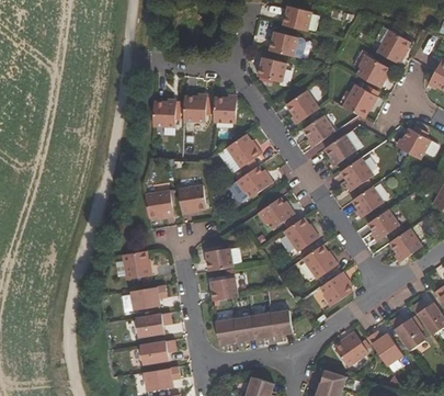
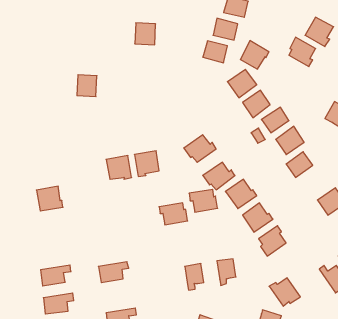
building: [343,83,376,116] -> [240,41,269,69]
building: [183,95,207,121] -> [135,23,156,45]
building: [214,97,237,122] -> none
building: [153,102,177,127] -> [77,75,97,97]
building: [225,134,261,168] -> none
building: [368,208,400,238] -> none
building: [122,250,152,279] -> [36,186,63,211]
building: [210,273,243,299] -> [189,189,218,212]
building: [132,285,167,309] -> [41,265,71,286]
building: [254,312,276,342] -> none
building: [217,318,239,349] -> none
building: [368,332,403,364] -> none
building: [140,339,175,363] -> [43,293,74,314]

